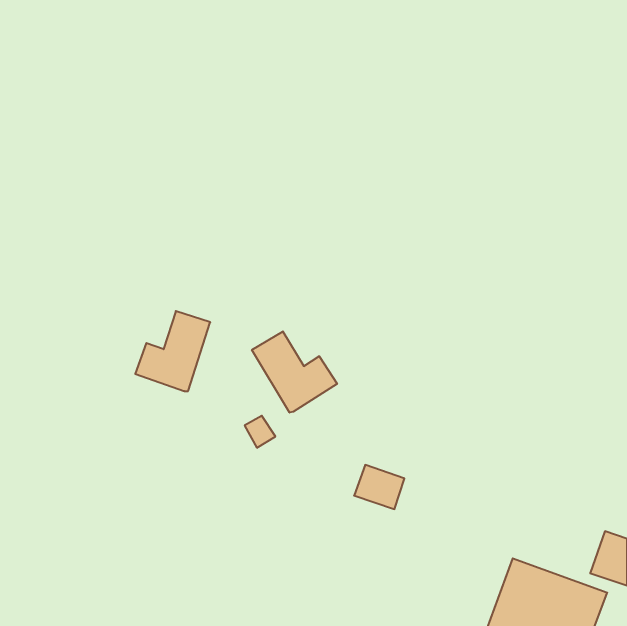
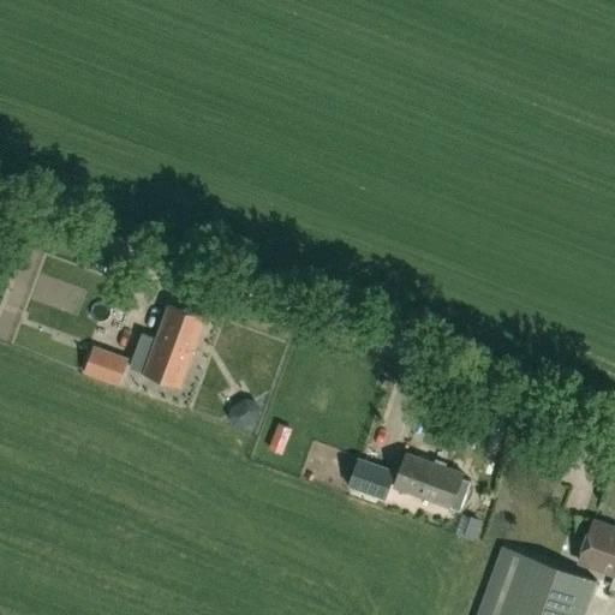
building: [252,331,337,413] -> none
building: none -> [84,347,129,387]
building: none -> [393,453,462,508]

